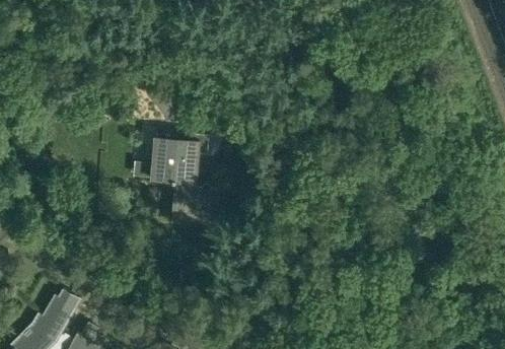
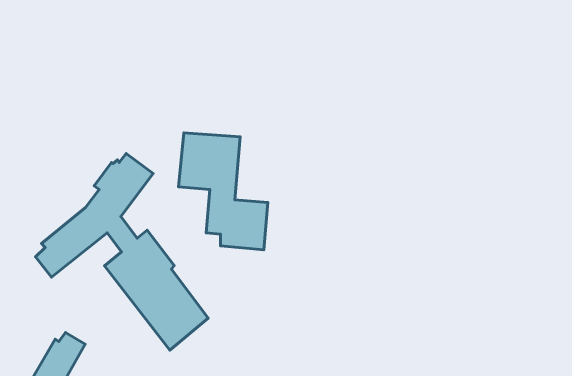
building: none -> [35,154,208,350]

